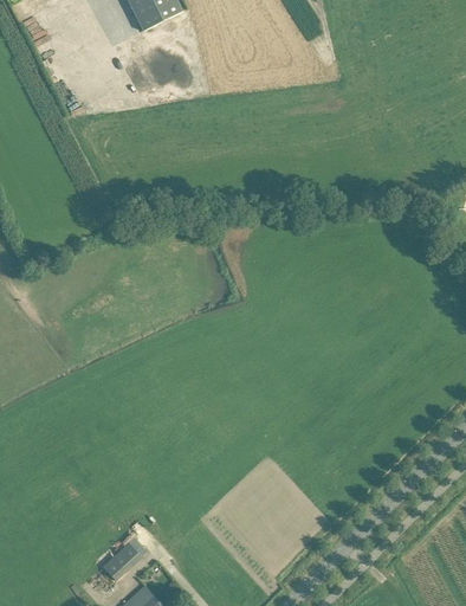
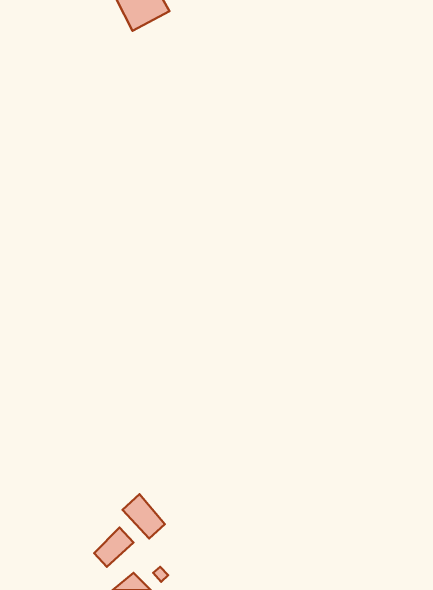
building: none -> [122,494,165,539]

